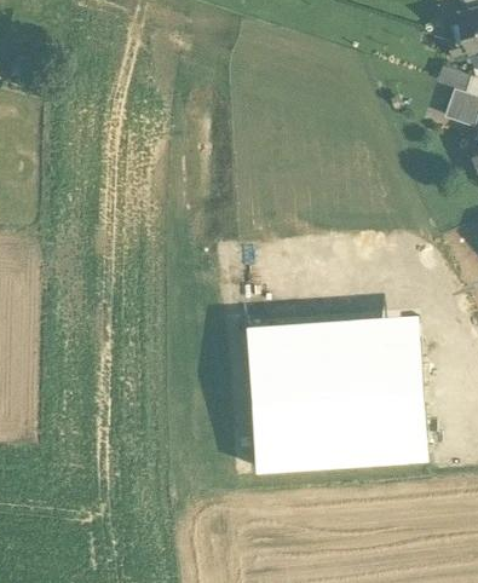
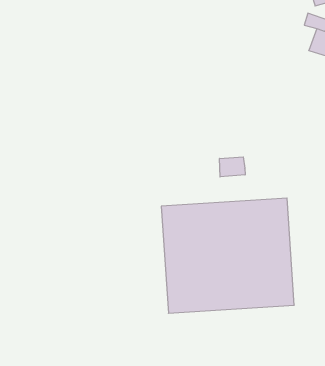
building: none -> [220,157,245,177]

